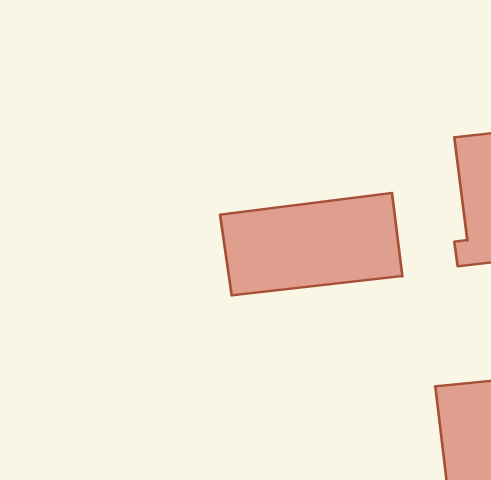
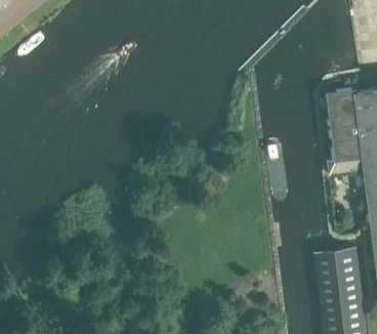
building: [220,193,402,295] -> none

